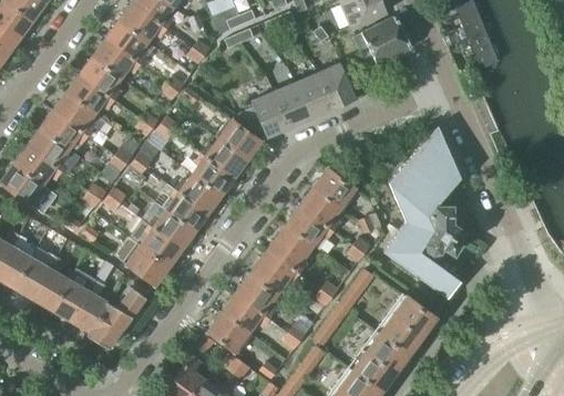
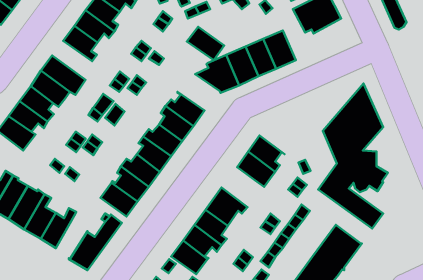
building: [66,75,114,113] -> none
building: [216,118,260,158] -> [187,27,224,60]
building: [314,169,358,210] -> none
building: [268,226,312,273] -> none
building: [71,262,113,332] -> none

